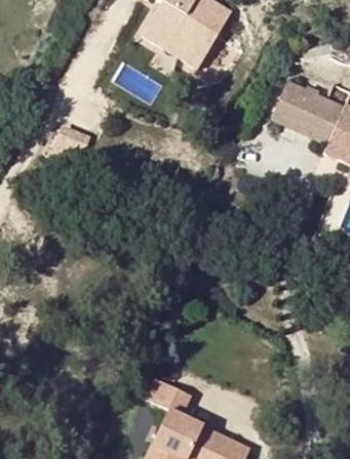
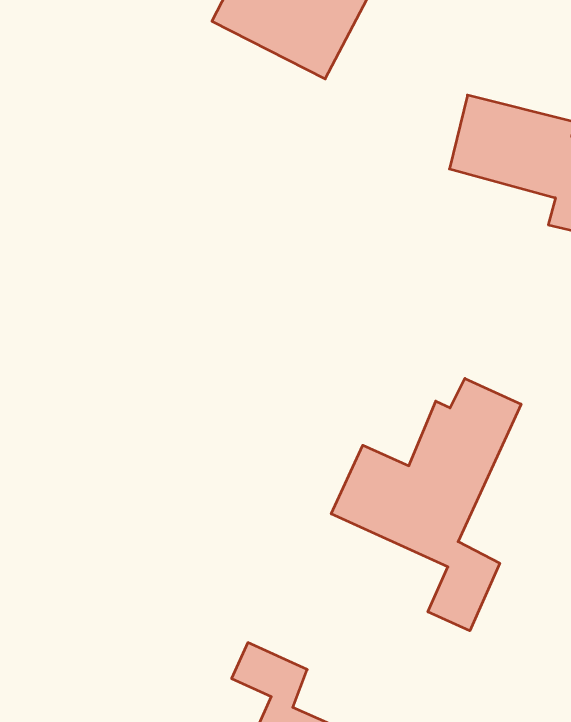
building: none -> [331,378,521,631]

